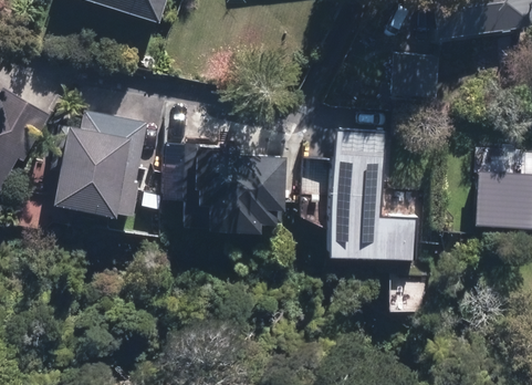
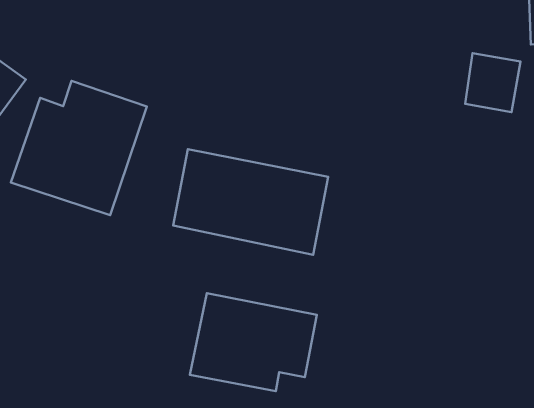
building: [326,149,414,262] -> none
building: none -> [190,293,317,391]

